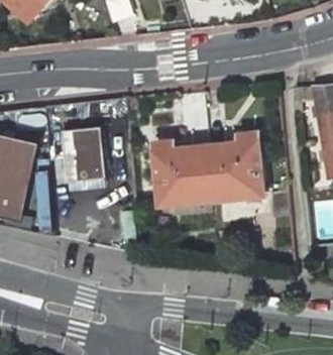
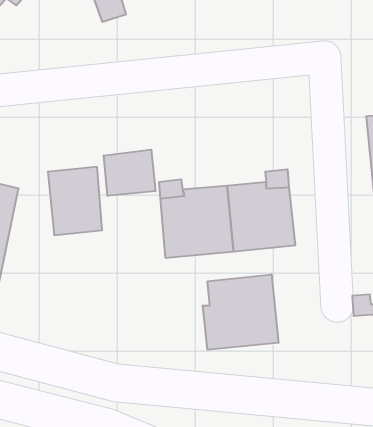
building: none -> [104,150,155,196]
building: none -> [203,274,278,350]

